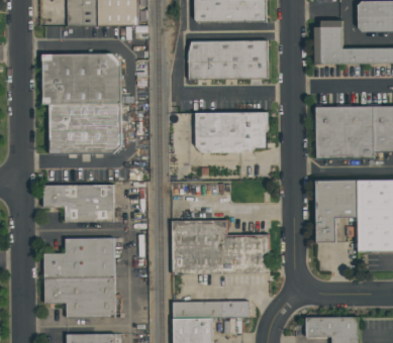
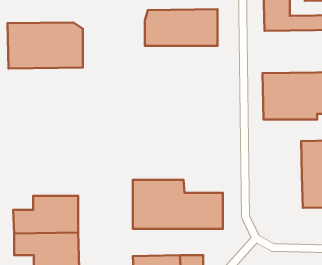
building: [47,103,120,154] -> none
building: [194,112,267,152] -> none
building: [313,181,356,242] -> none
building: [44,186,114,222] -> none

